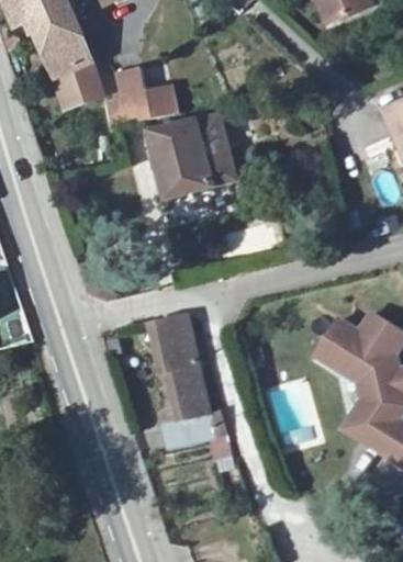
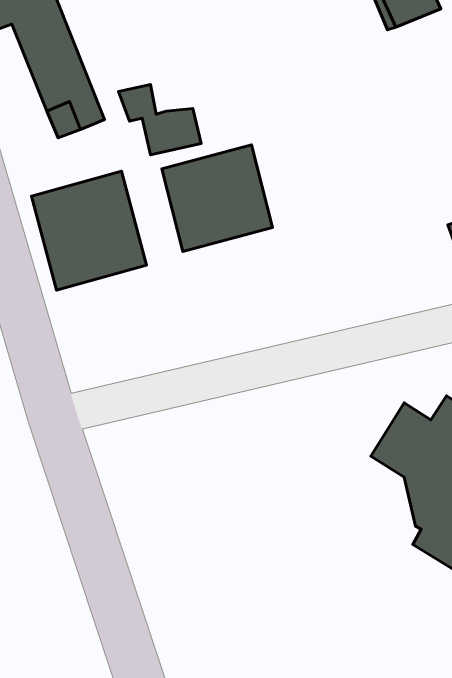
building: none -> [32,171,146,290]
building: [152,314,223,446] -> none

